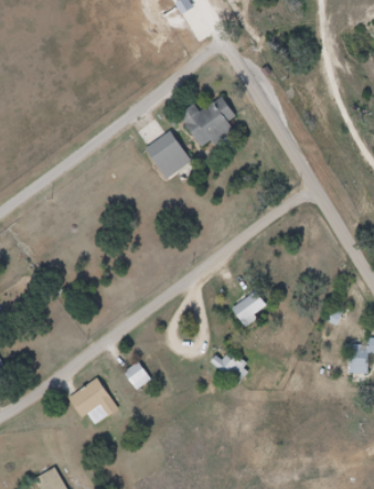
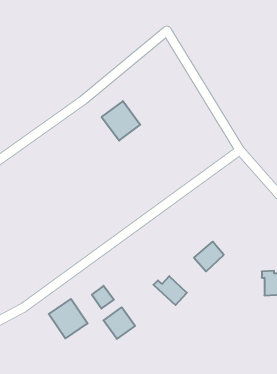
building: [175,95,233,149] -> none
building: [227,290,265,328] -> [194,242,224,271]
building: none -> [103,307,135,339]

